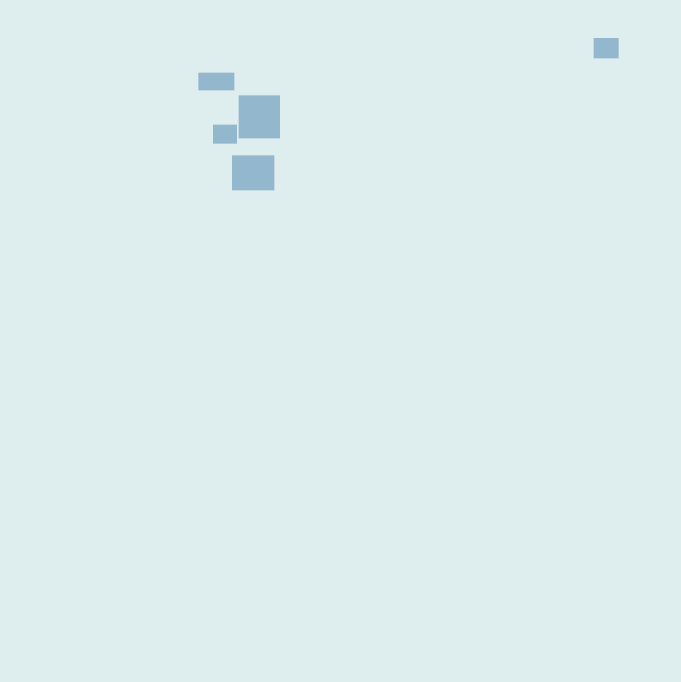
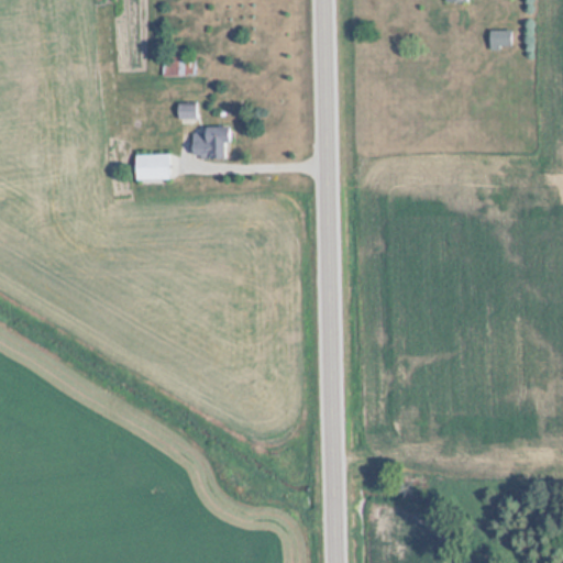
building: [238,95,280,139] -> none
building: none -> [134,155,169,180]

